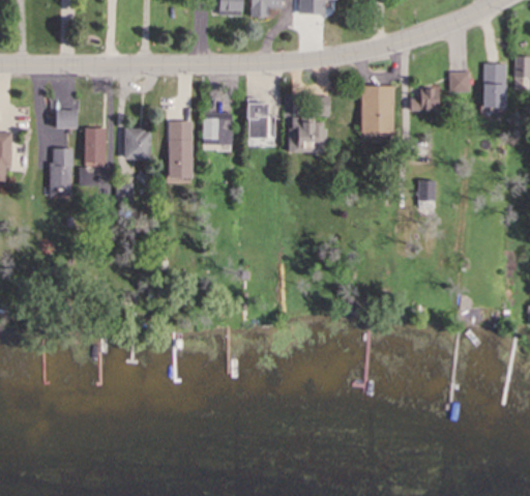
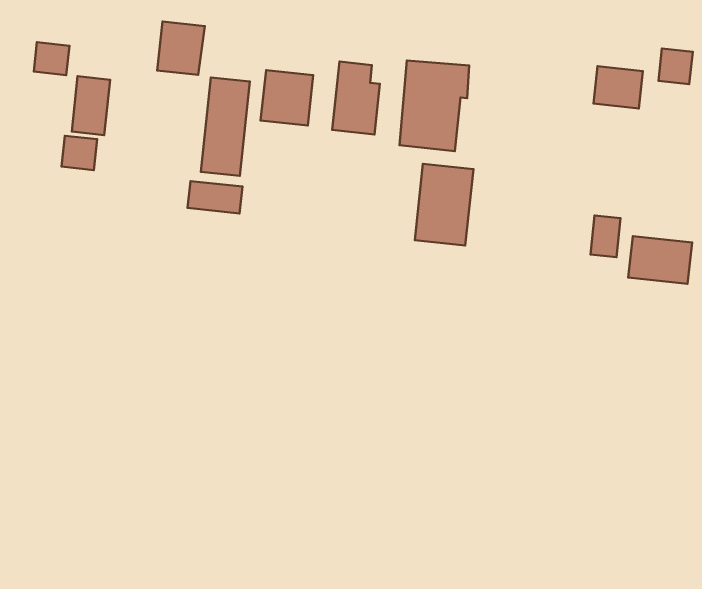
building: [361,86,393,135] -> [415,164,473,246]
building: [124,129,151,161] -> [157,22,205,75]
building: [50,149,71,194] -> none
building: none -> [188,181,242,213]
building: none -> [628,236,692,284]

